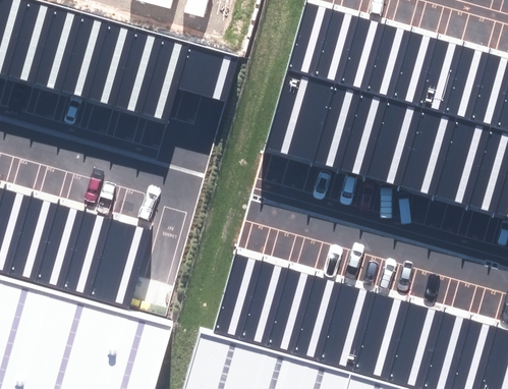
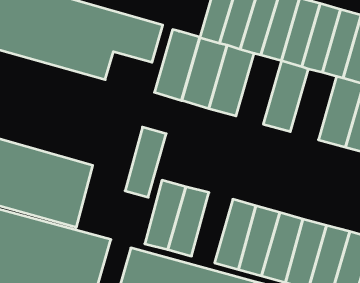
building: [327,93,383,180] -> [154,30,200,101]
building: [394,112,451,200] -> none
building: [272,265,323,351] -> [125,127,166,197]

